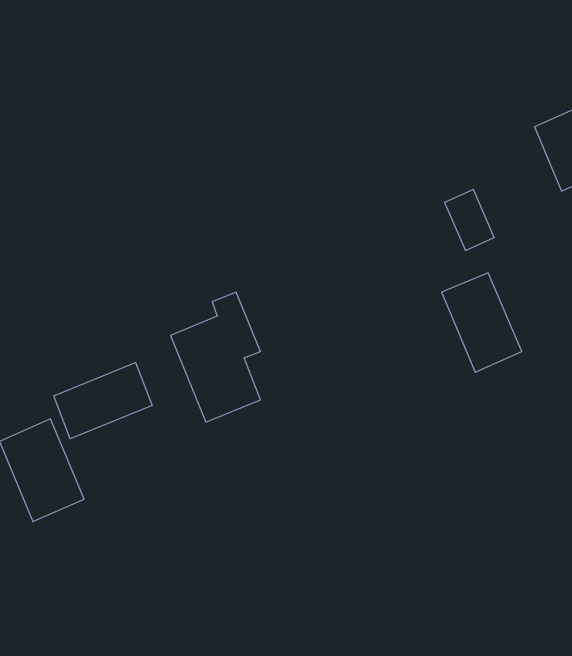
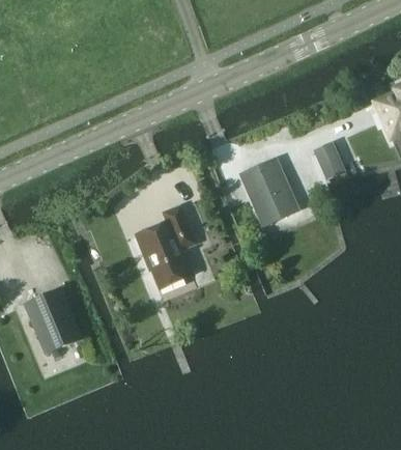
building: [442,273,522,372] -> [244,163,295,227]
building: [54,363,152,439] -> none

